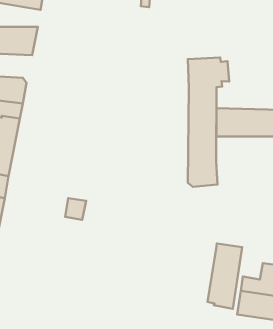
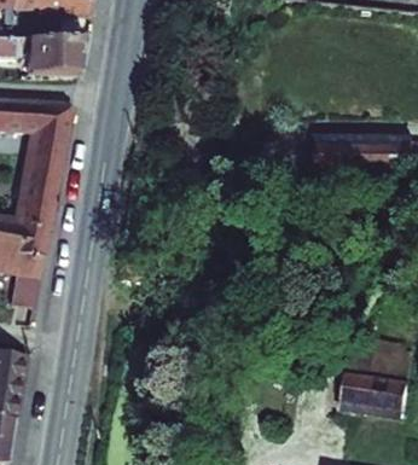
building: [188,57,229,187] -> none
building: [208,244,242,309] -> none

